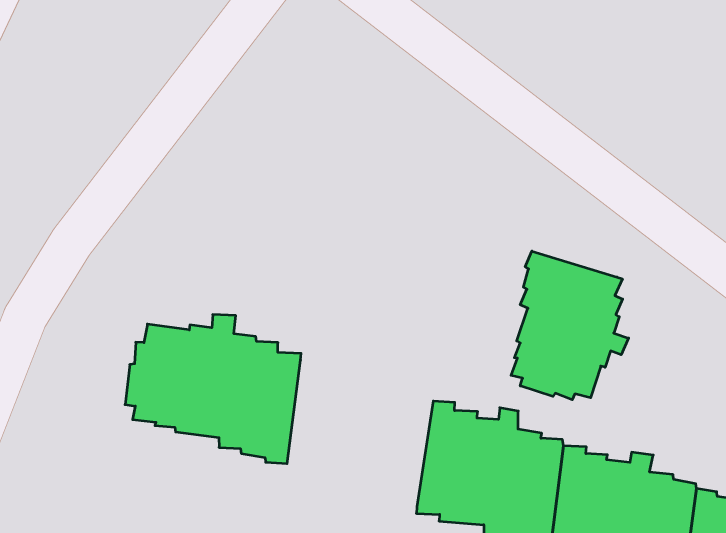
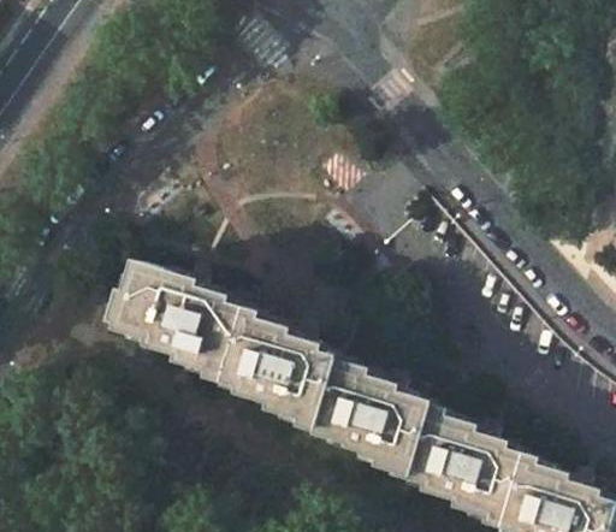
building: [511,251,629,400] -> none
building: none -> [219,307,336,430]

